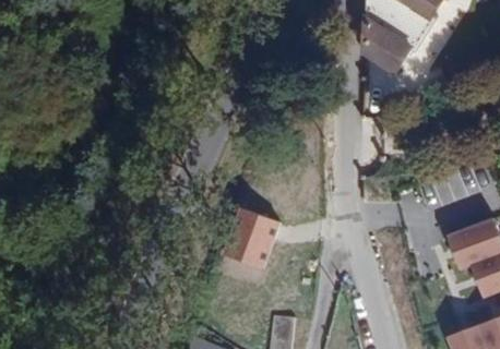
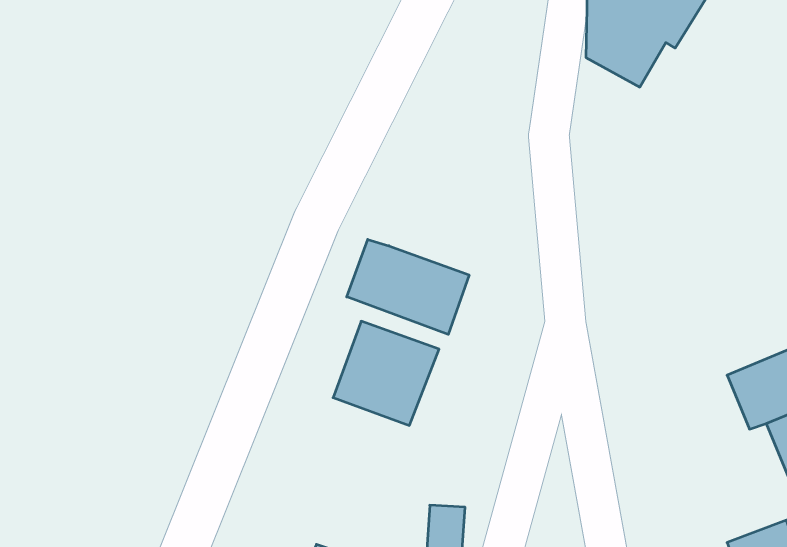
building: none -> [347,239,469,334]

